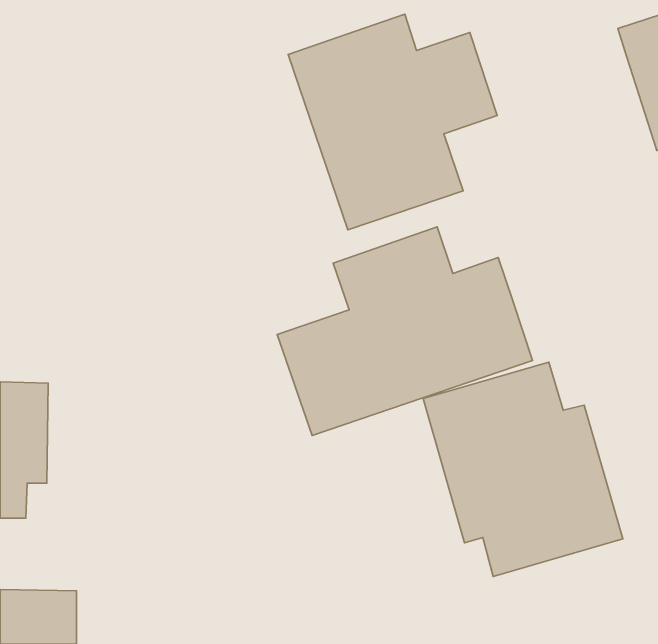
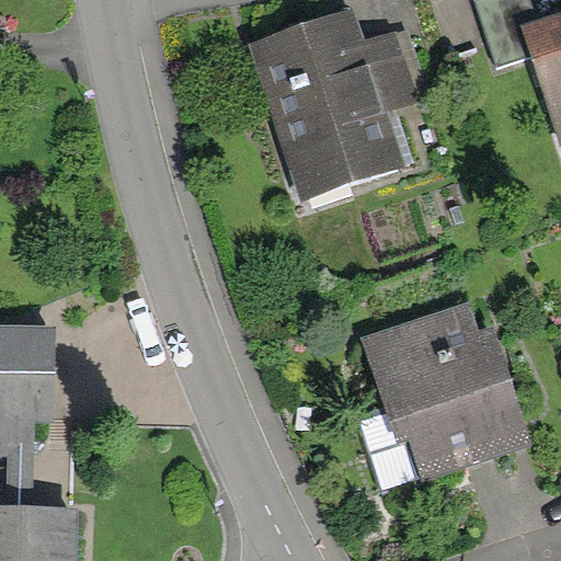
building: [277,227,533,436] -> none

